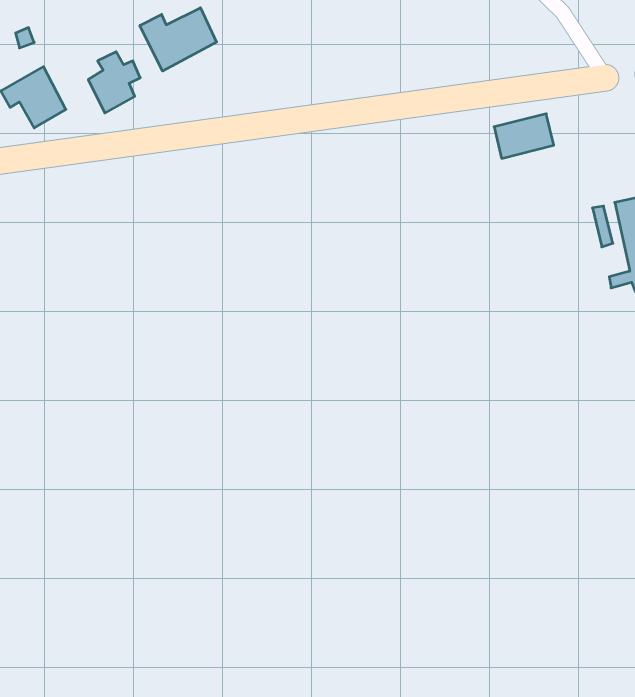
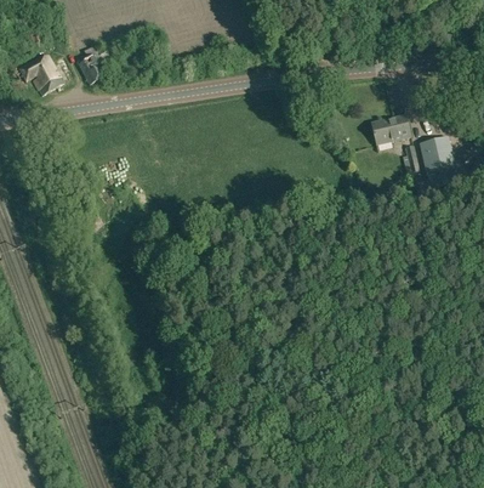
building: [140,8,217,71] -> none
building: [494,114,554,158] -> [372,114,411,143]

